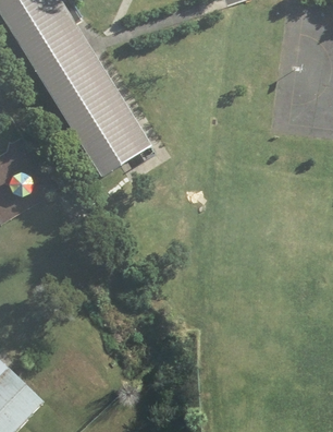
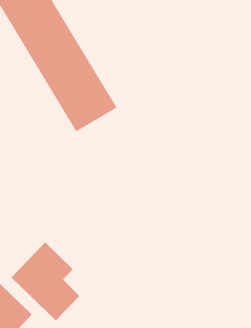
building: none -> [10,241,80,321]

